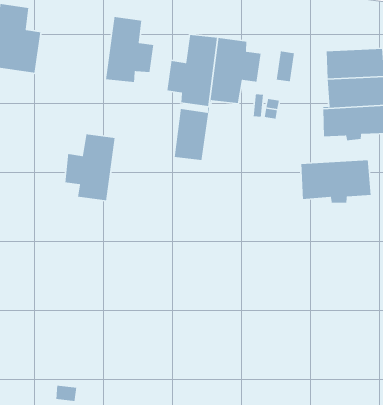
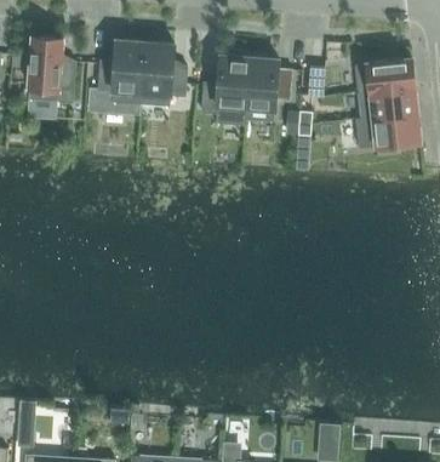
building: [174,107,210,161] -> none
building: [64,133,115,201] -> [98,40,145,105]
building: [301,159,371,204] -> none

